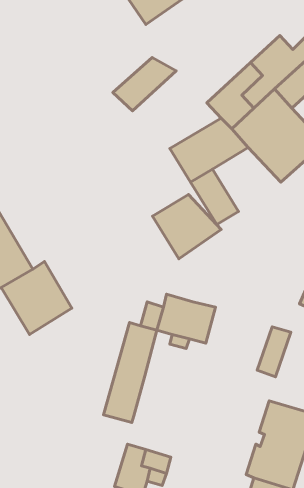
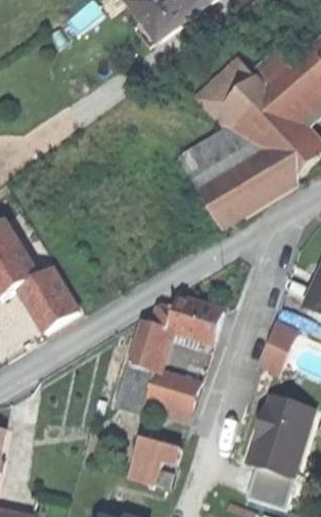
building: [113,58,176,111] -> [194,64,254,114]
building: [153,195,221,259] -> [218,156,282,217]
building: none -> [144,371,198,421]

